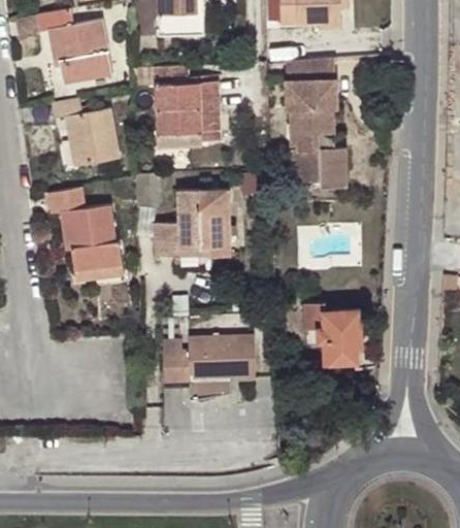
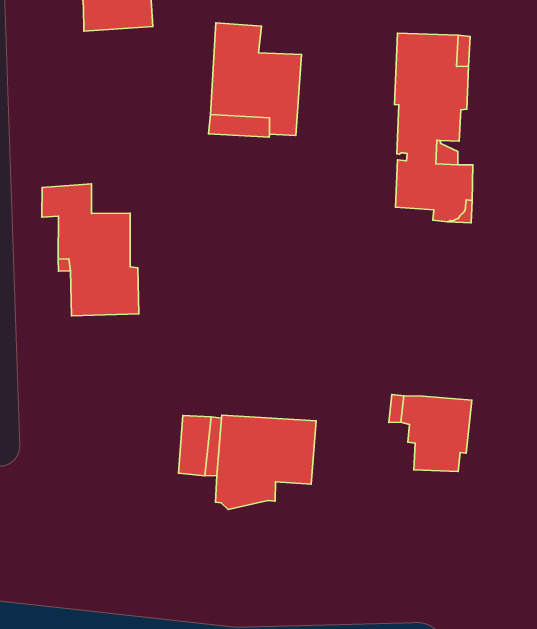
building: [53,100,119,166] -> none
building: [154,189,230,256] -> none

